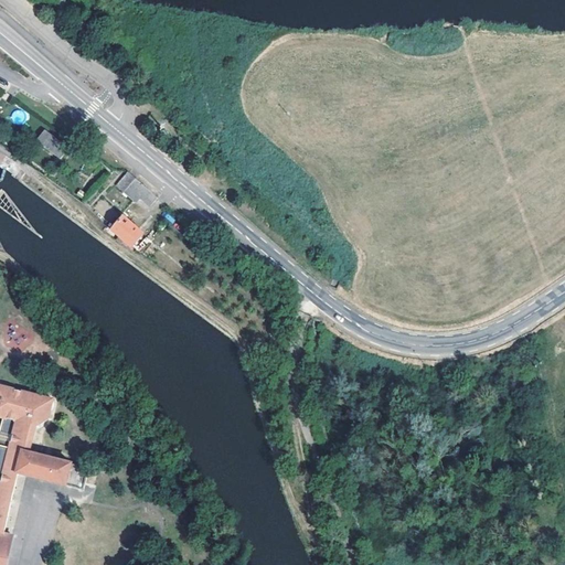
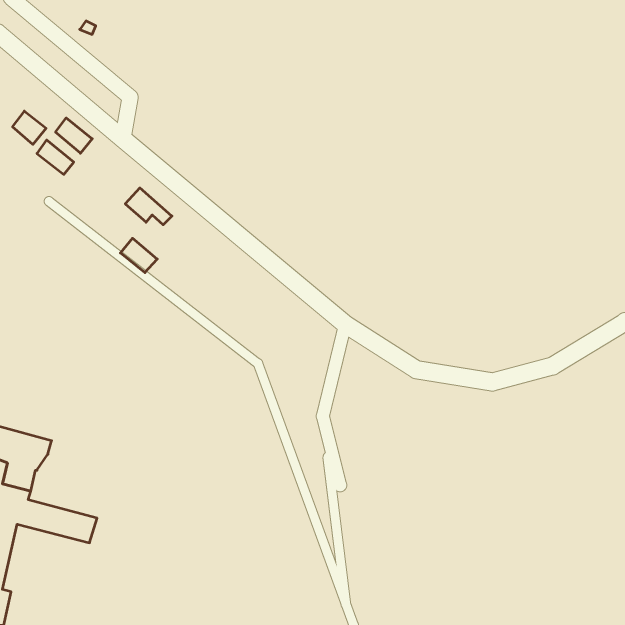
building: none -> [13,111,46,144]
building: none -> [56,118,92,153]

